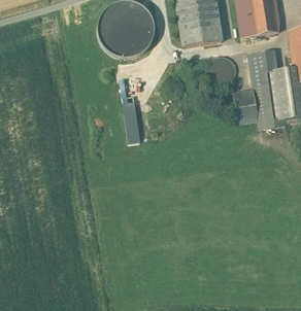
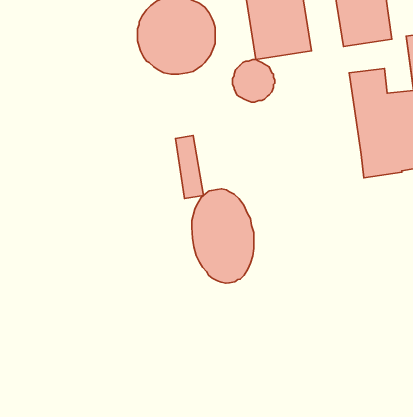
building: [206,55,236,84] -> [233,60,275,102]
building: [233,90,257,115] -> none
building: none -> [192,189,254,283]

